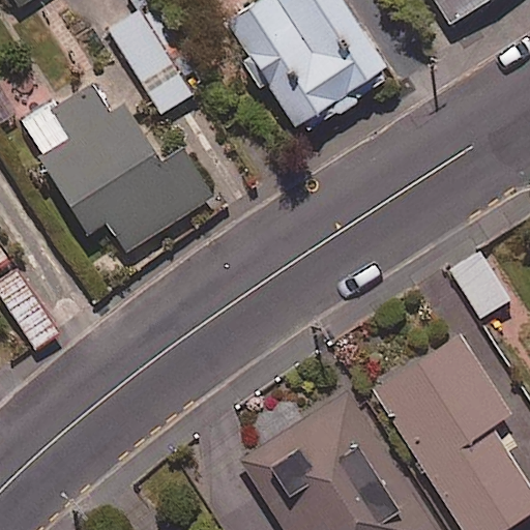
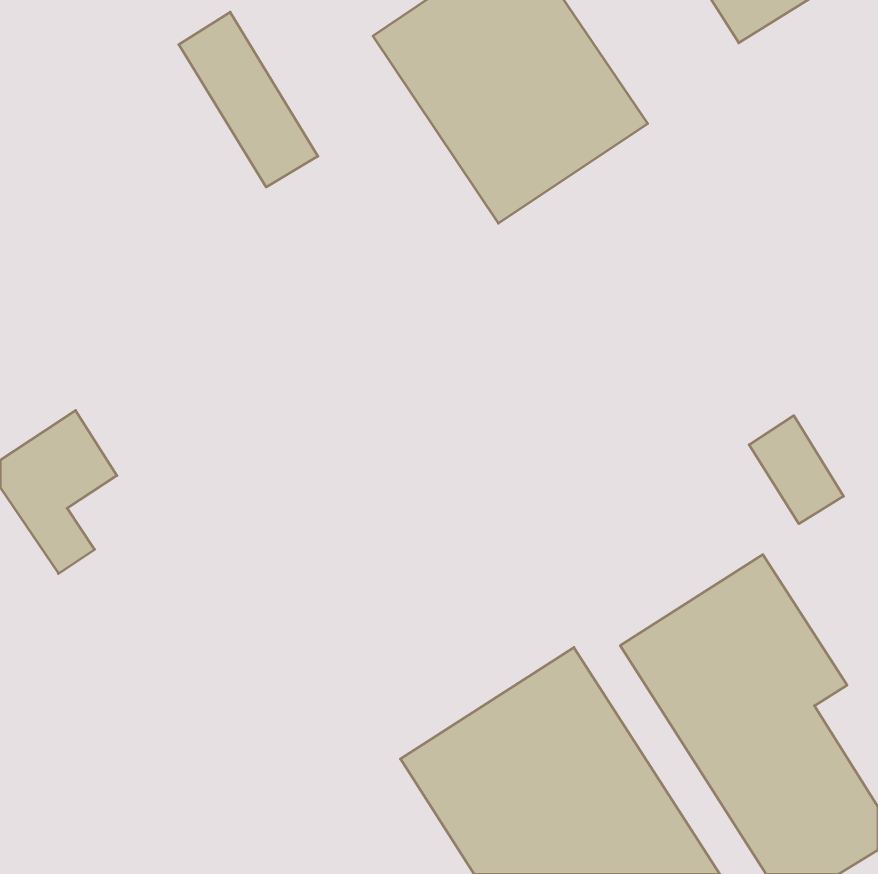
building: [21,83,222,278] -> none

